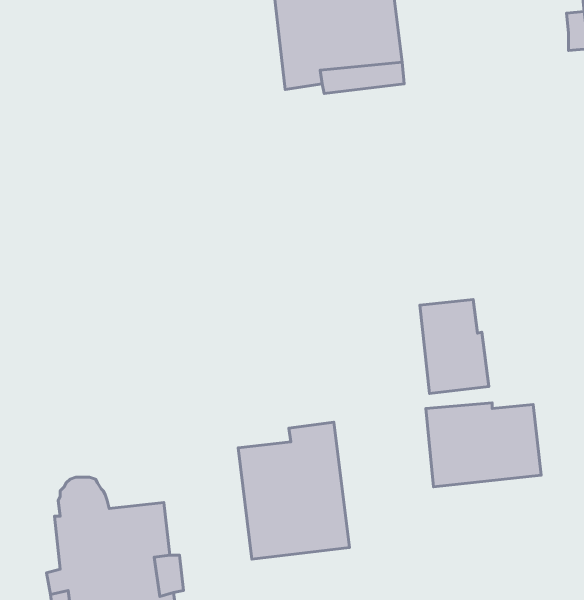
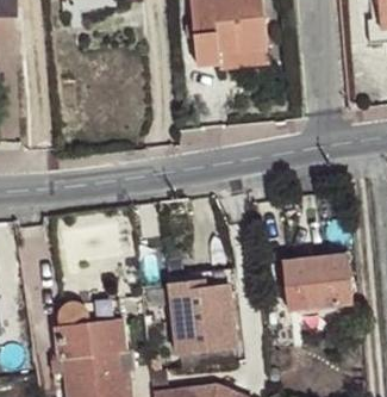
building: [420,299,489,394] -> none

